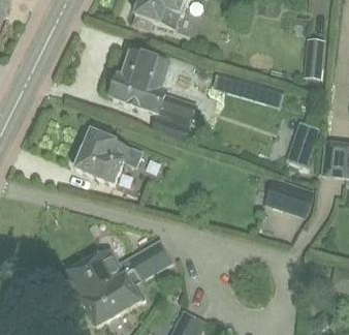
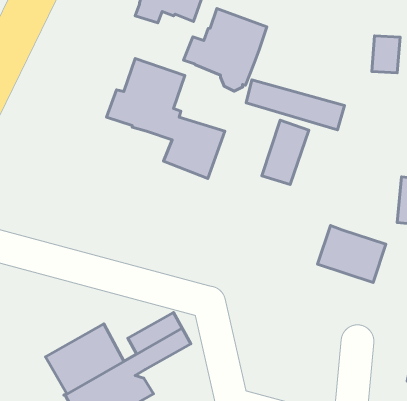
building: none -> [183,8,267,91]
building: [286,119,320,165] -> [262,120,309,185]
building: [71,122,142,185] -> none

